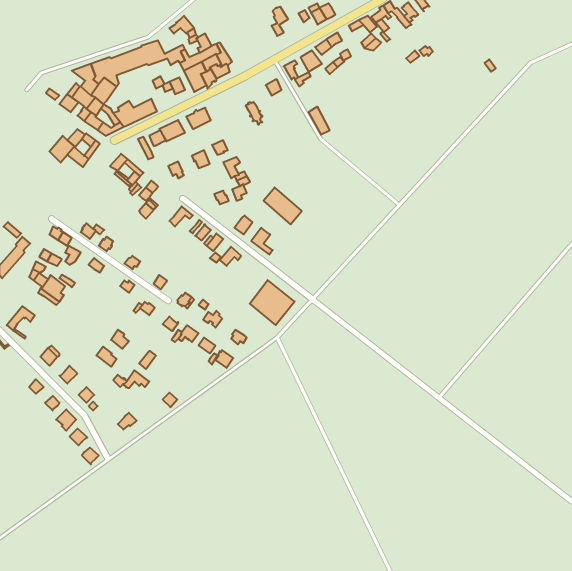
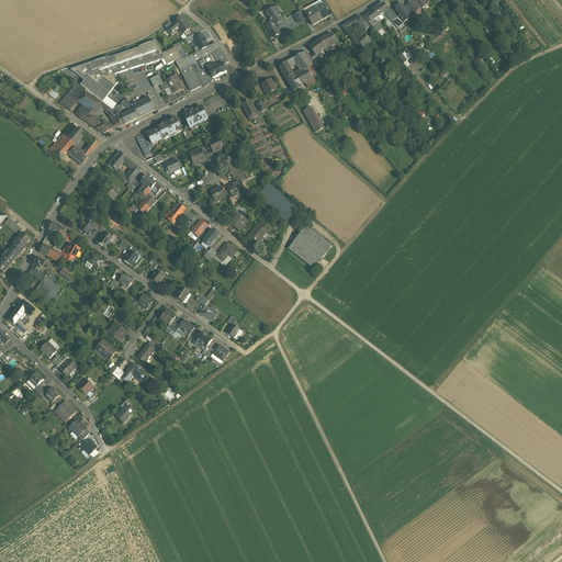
building: [250,280,295,325] -> [288,224,331,268]

